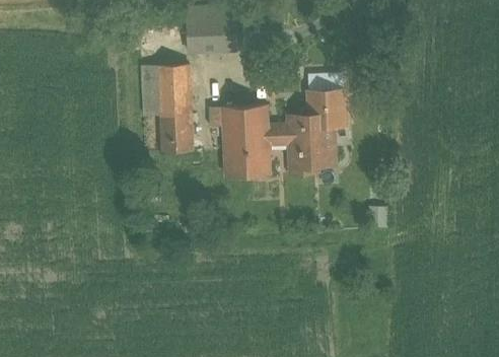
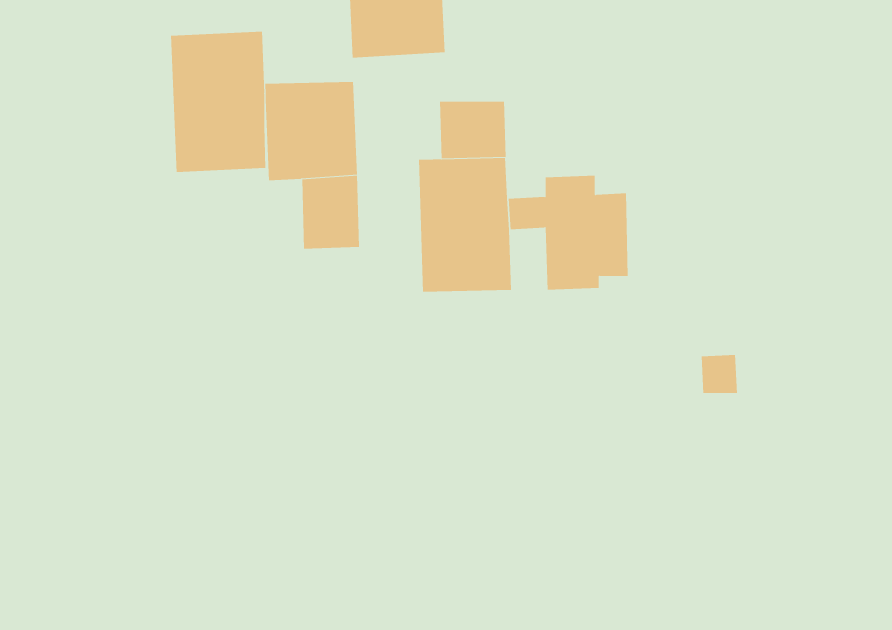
building: none -> [171,31,266,173]
building: none -> [439,101,506,159]
building: [313,90,345,125] -> none

